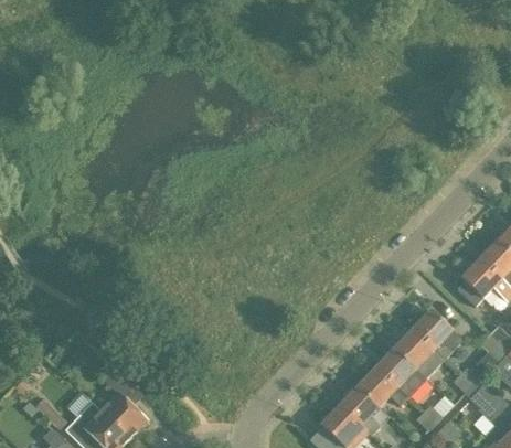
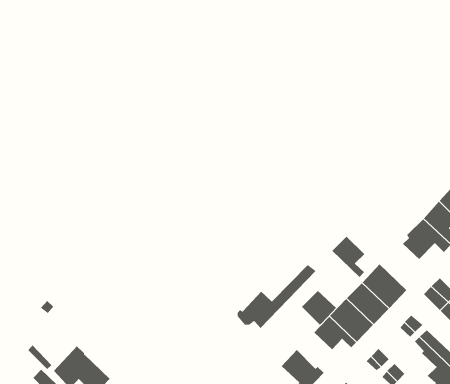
building: none -> [332,236,365,278]
building: none -> [237,264,316,329]
building: [100,367,147,439] -> none
building: [338,387,377,427] -> [301,290,337,326]

